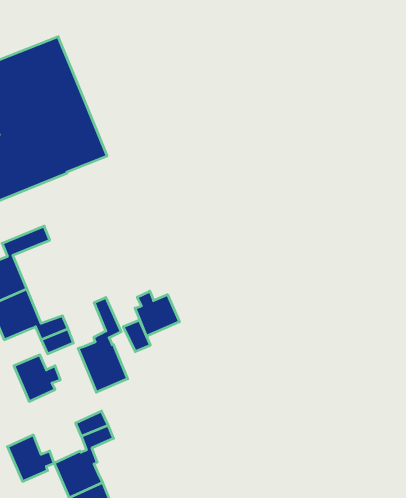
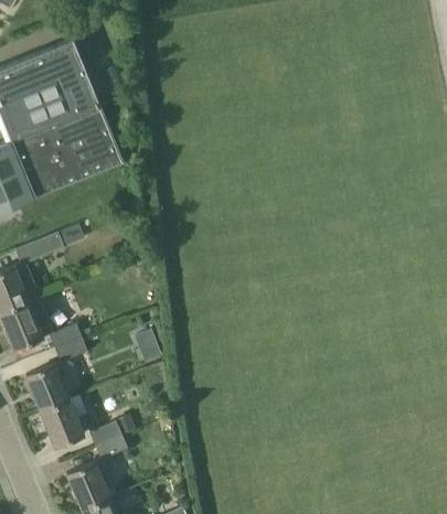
building: [135,291,179,336] -> none
building: [78,297,128,392] -> none
building: [7,435,54,481] -> [41,400,88,448]

